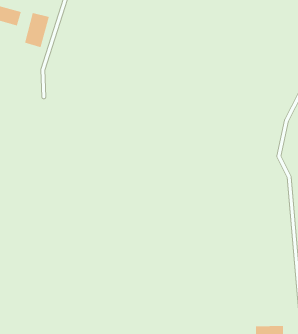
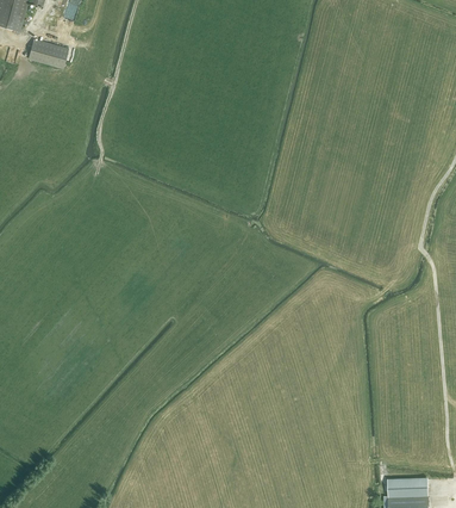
building: [24,12,50,48] -> none

